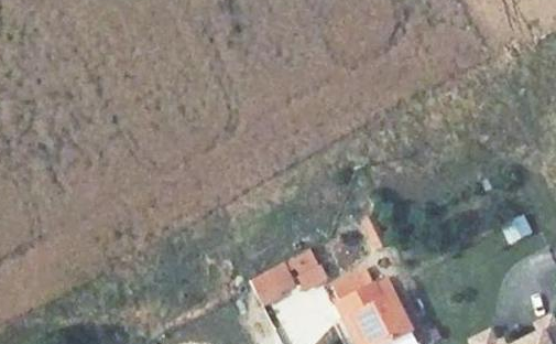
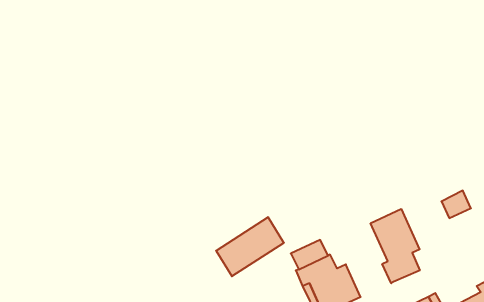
building: none -> [371,209,420,283]

